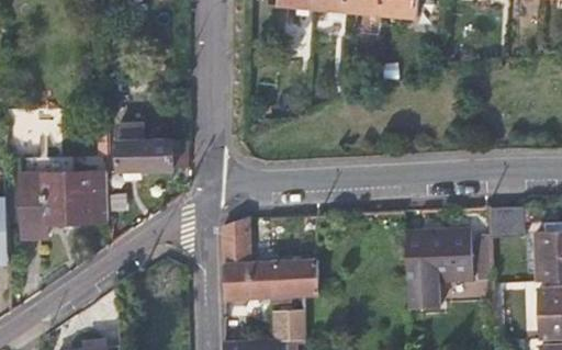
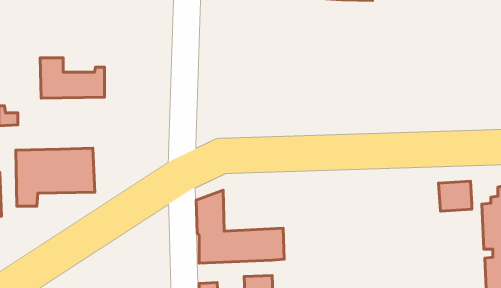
building: [117,126,188,170] -> [40,58,104,98]
building: [402,228,470,311] -> none

